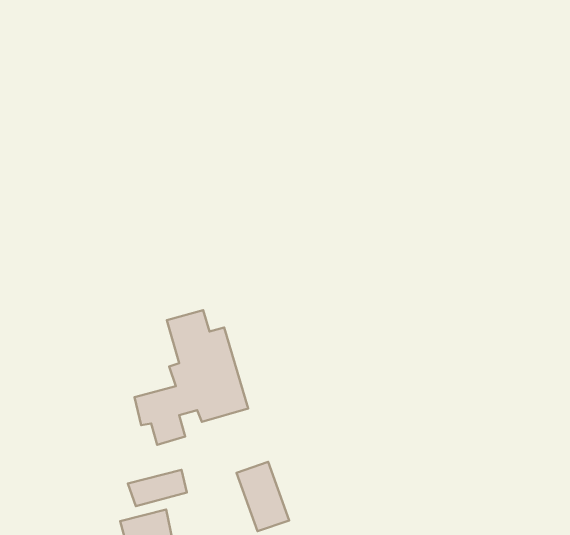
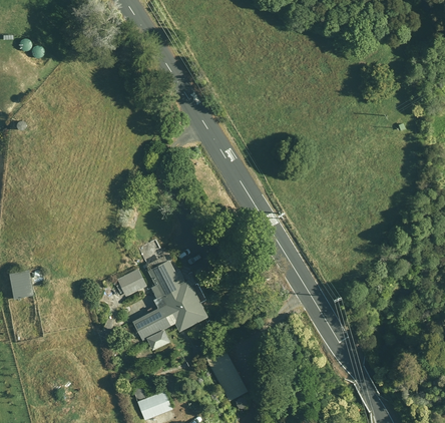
building: none -> [116,269,146,297]
building: [128,470,187,506] -> none

